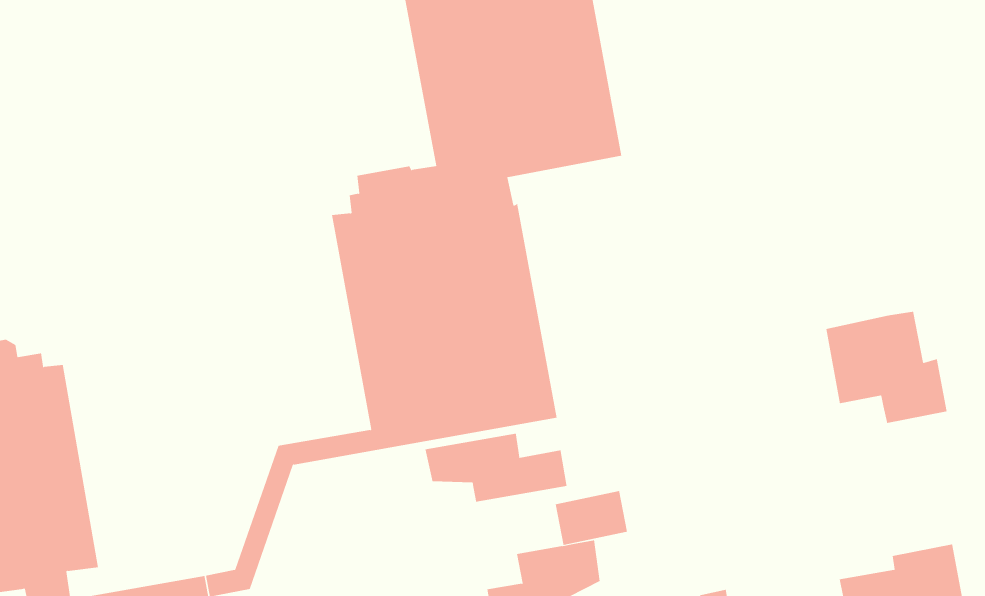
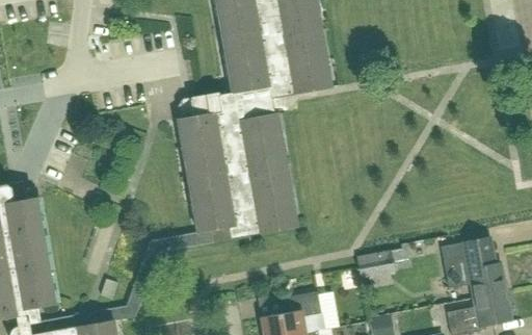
building: [825,311,947,423] -> [442,240,506,300]
building: [425,433,567,503] -> none
building: [555,490,628,546] -> [355,250,394,279]

